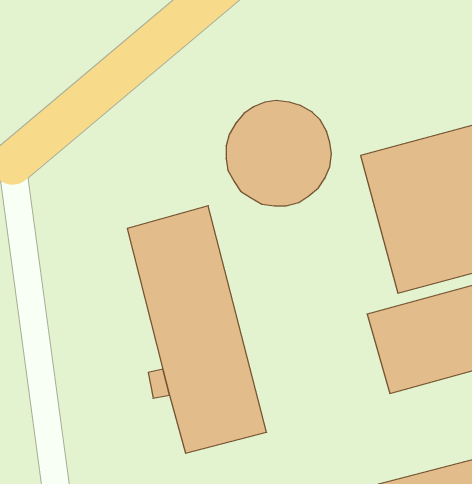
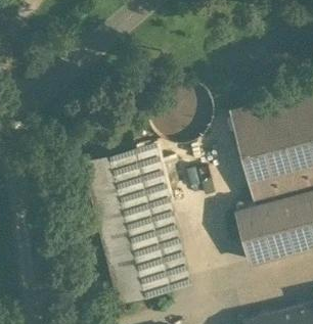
building: none -> [133,140,189,287]

